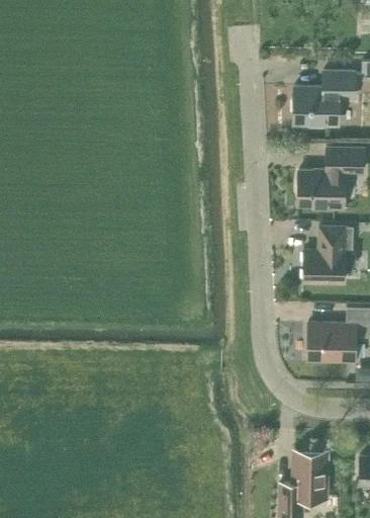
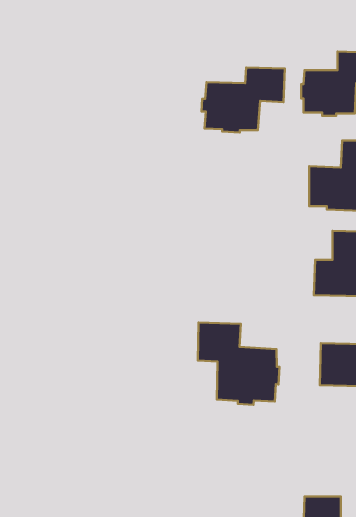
building: none -> [201,67,285,132]
building: none -> [198,323,280,405]

